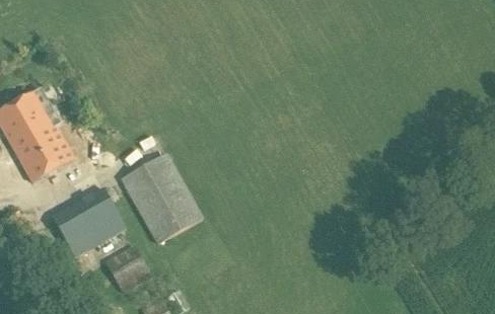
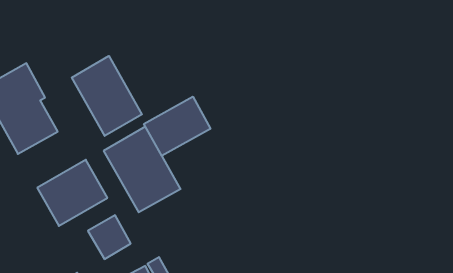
building: none -> [72,56,142,136]
building: none -> [144,97,210,156]

